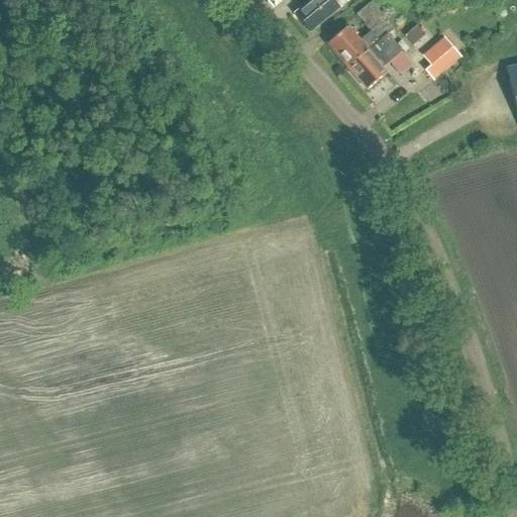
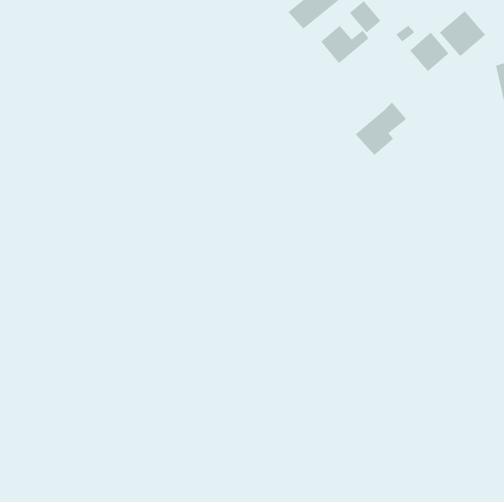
building: none -> [439,10,486,57]
building: [347,32,401,88] -> [355,101,407,156]

